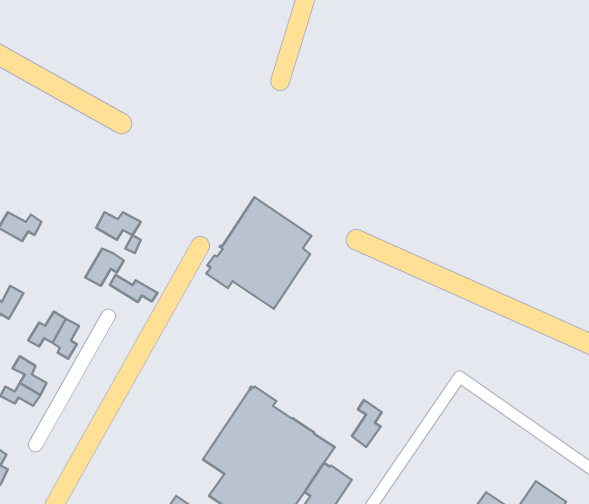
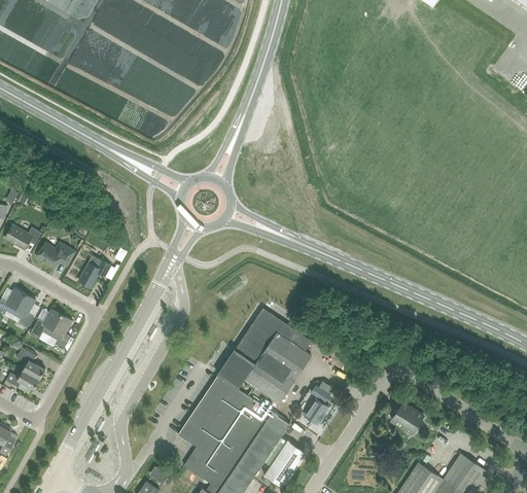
building: [206,197,311,309] -> [221,308,311,402]
building: [96,212,141,240] -> [36,243,74,267]
building: [110,275,157,302] -> none
building: none -> [12,293,35,327]
building: none -> [390,401,423,433]

